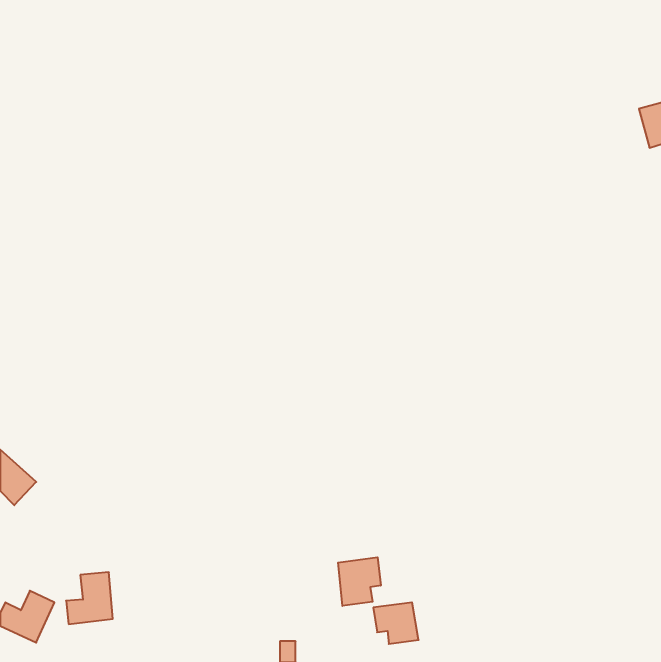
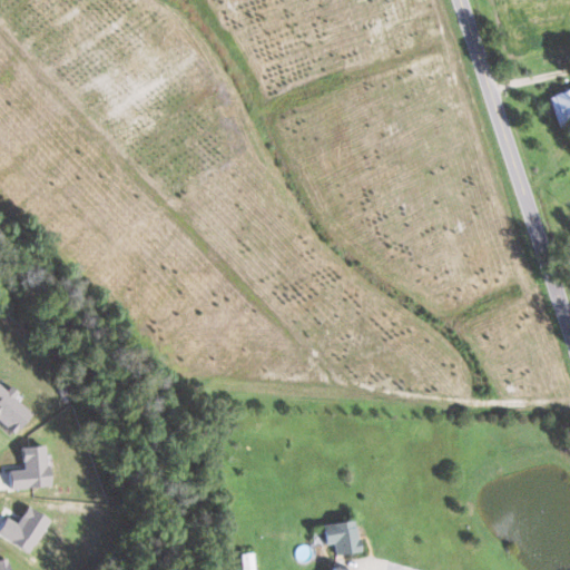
building: [338,557,381,606] -> none
building: [66,572,113,624] -> [9,445,49,490]

